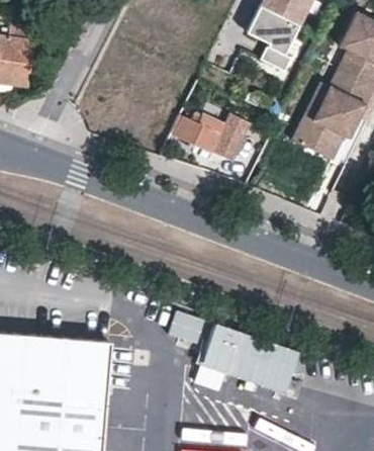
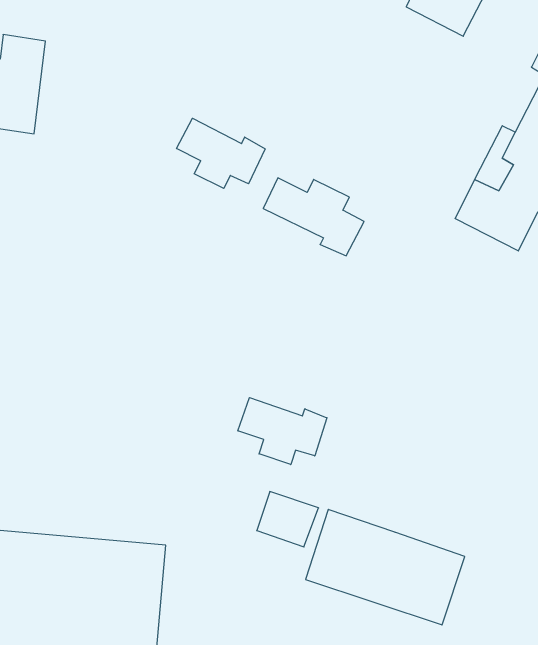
building: [248,8,296,73] -> none
building: none -> [177,118,265,188]
building: none -> [238,398,327,465]

